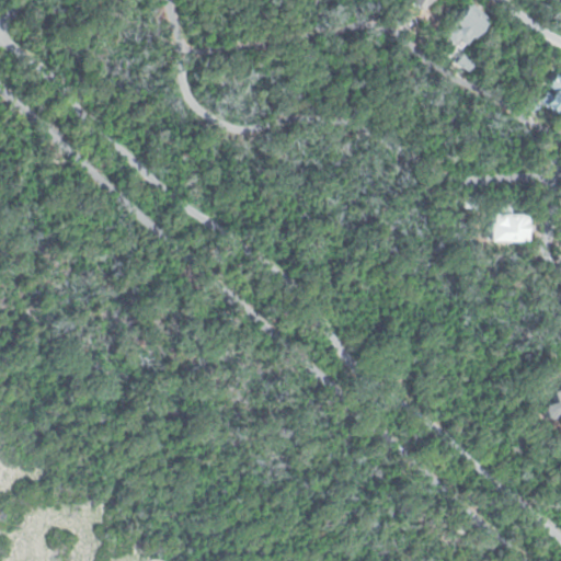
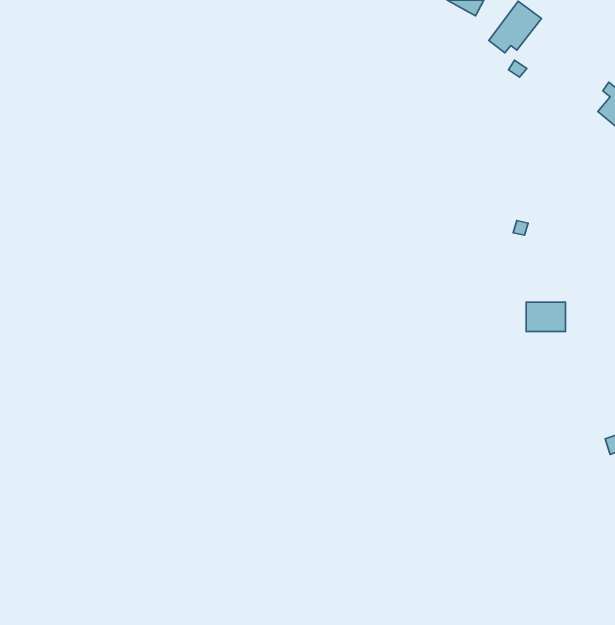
building: [495,216,530,242] -> [526,302,565,331]

